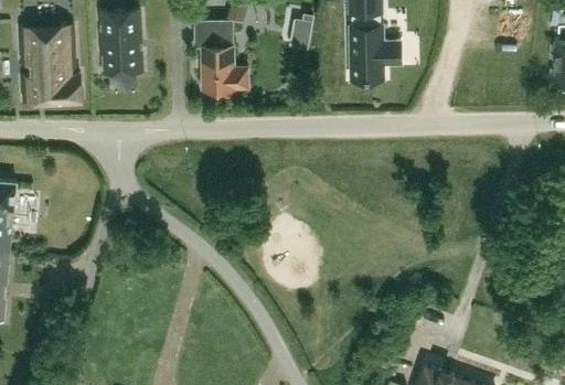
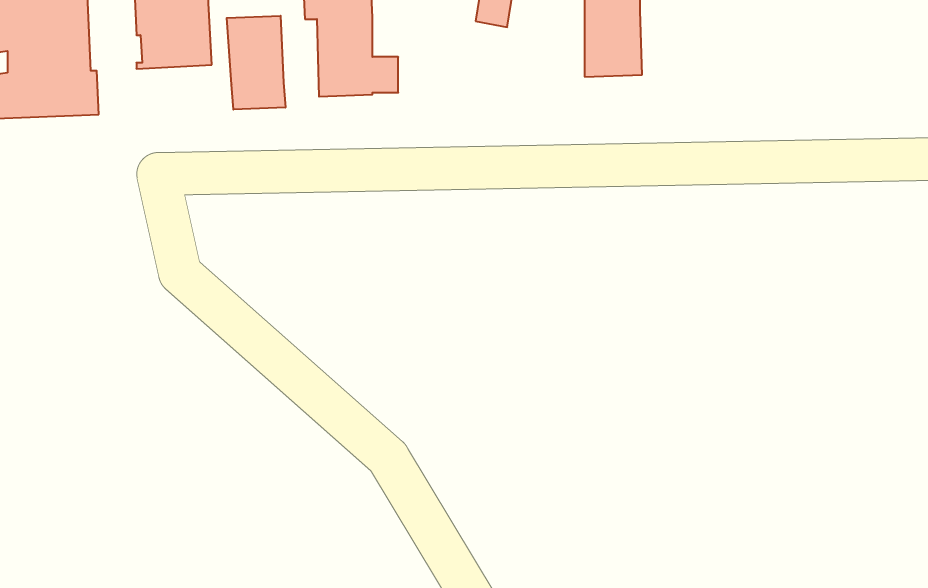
building: none -> [227,16,285,110]

